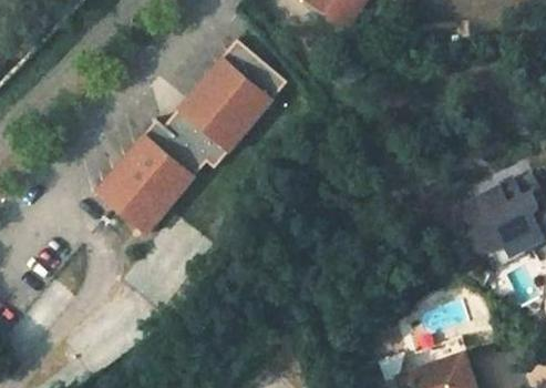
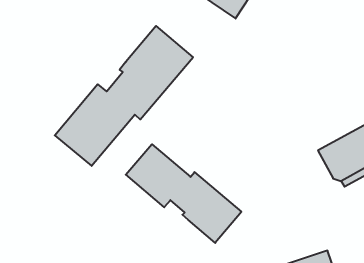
building: none -> [126,144,241,243]

